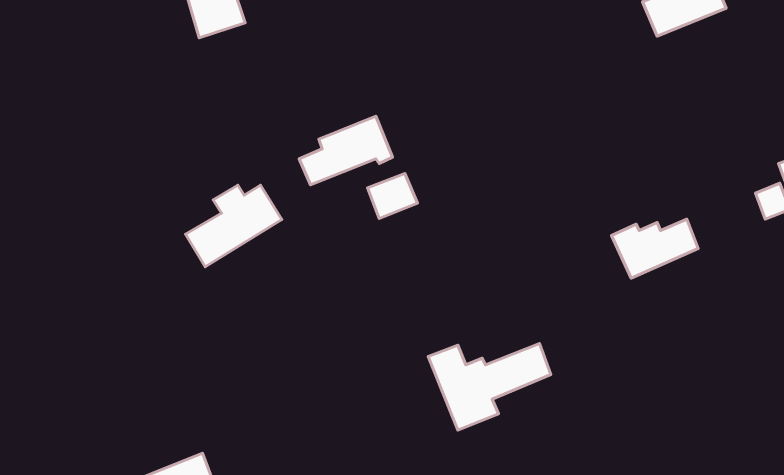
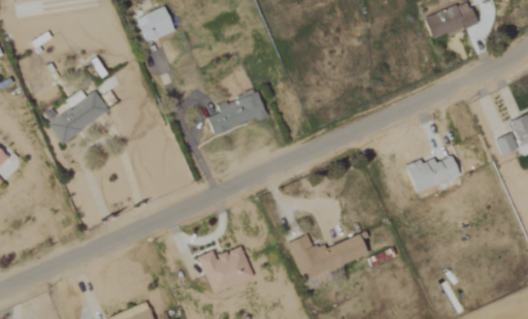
building: [368,174,417,218] -> none
building: [185,185,282,267] -> [48,91,109,142]
building: none -> [199,246,254,293]

